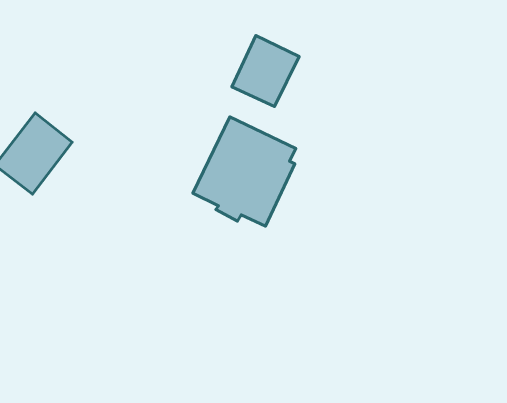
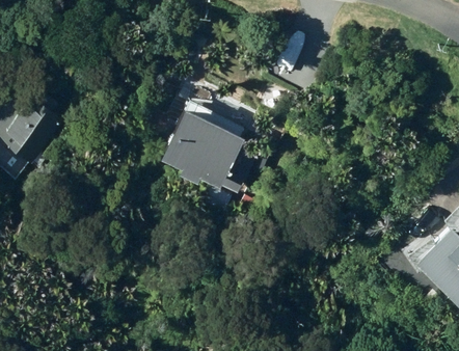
building: [232,35,299,107] -> none

